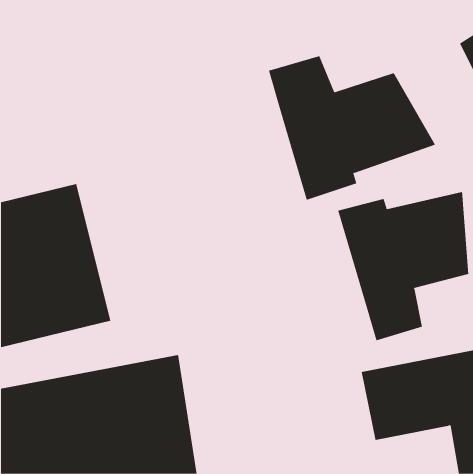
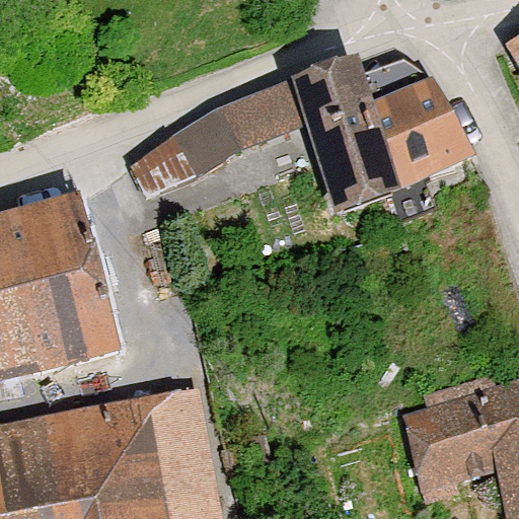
building: none -> [129,77,307,196]
building: [337,191,469,341] -> none

